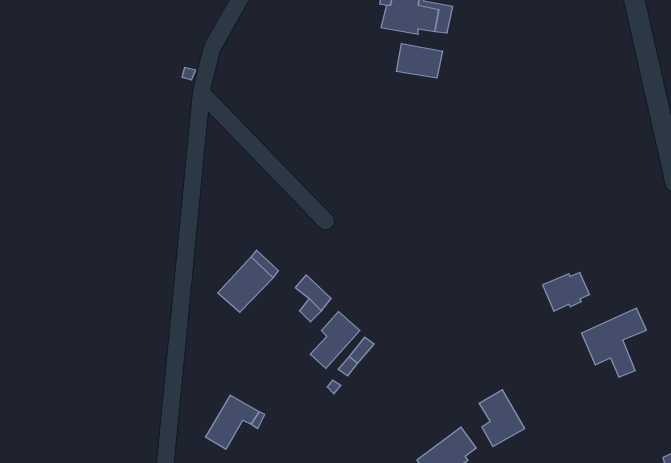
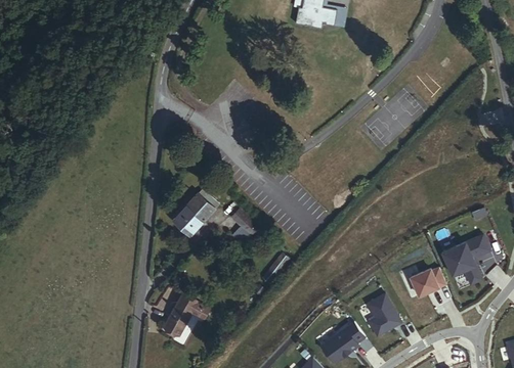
building: [396,43,443,78] -> none
building: [543,272,590,311] -> [411,266,445,294]
building: [310,312,360,369] -> none

